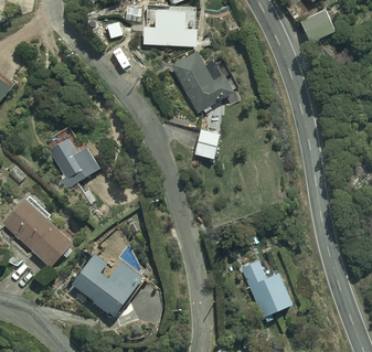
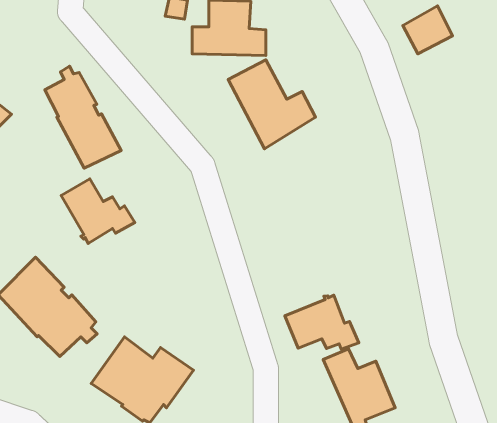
building: none -> [45,66,121,168]
building: [194,130,220,160] -> none
building: none -> [285,295,359,349]

